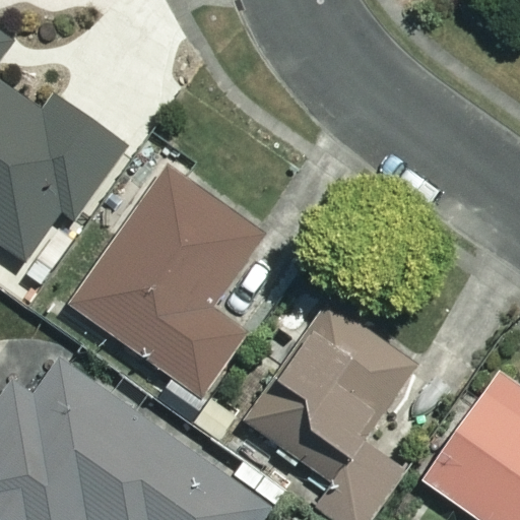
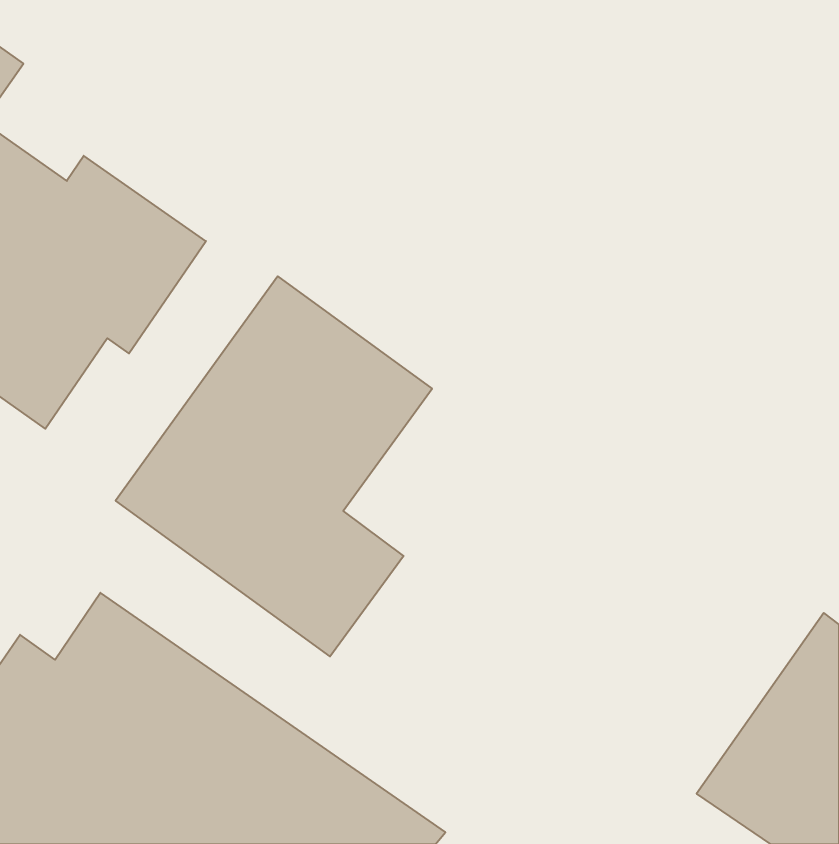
building: [252,304,420,485] -> none

